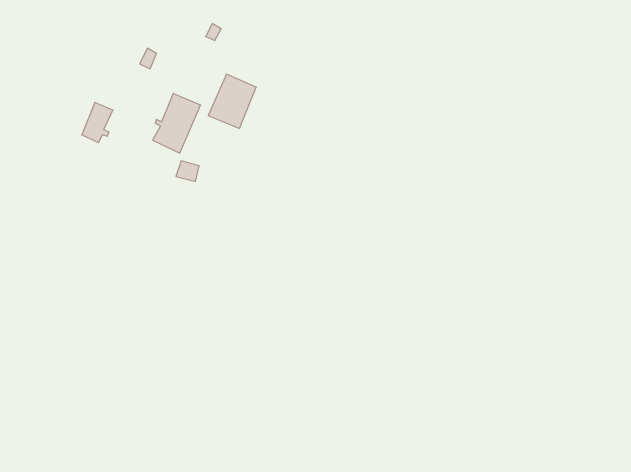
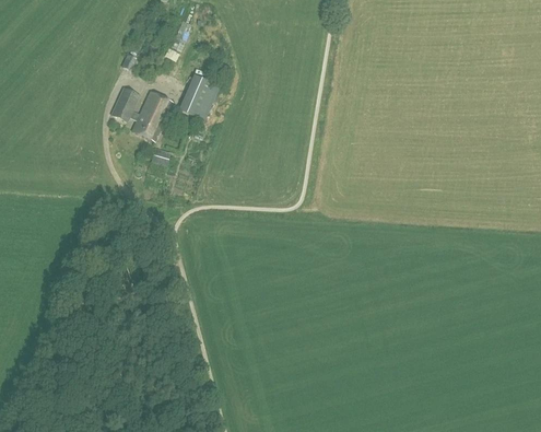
building: [82,102,113,143] -> [111,86,138,120]

